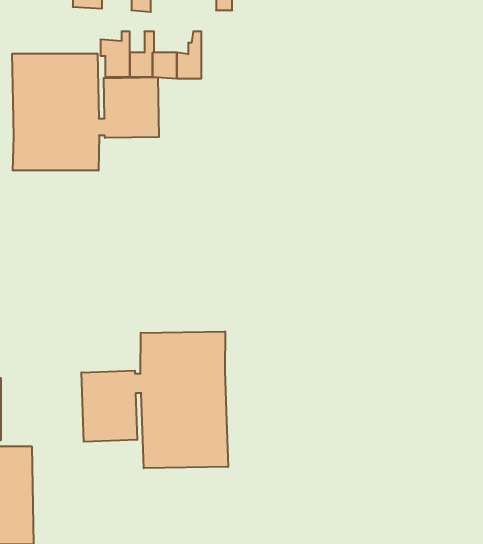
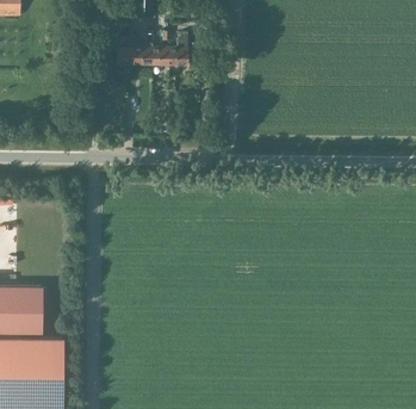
building: [12,54,159,171] -> none
building: [81,331,228,468] -> none

